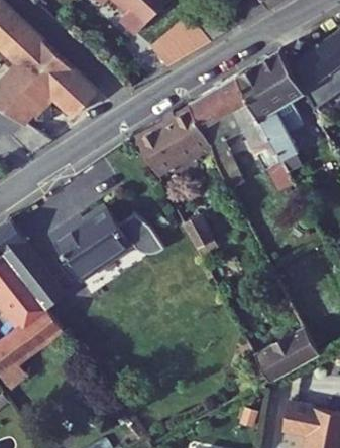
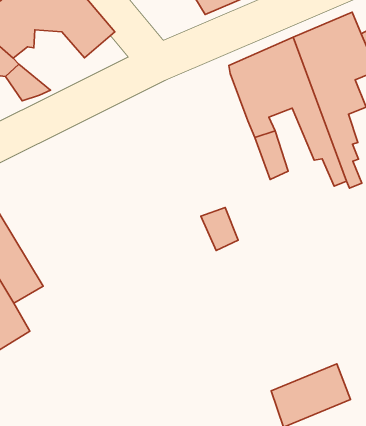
building: [134,112,209,178] -> none
building: [50,208,164,280] -> none

